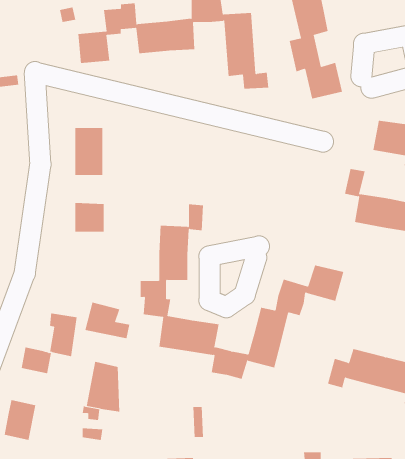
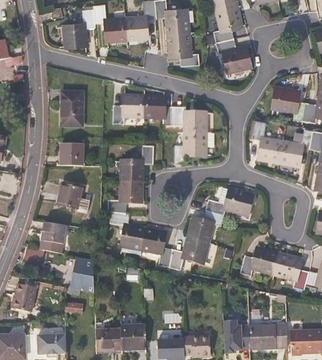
building: none -> [113,96,163,124]
building: none -> [171,107,205,164]
building: [85,302,130,339] -> [57,184,89,210]

